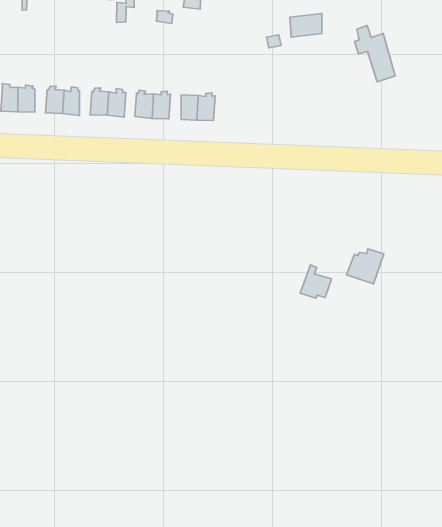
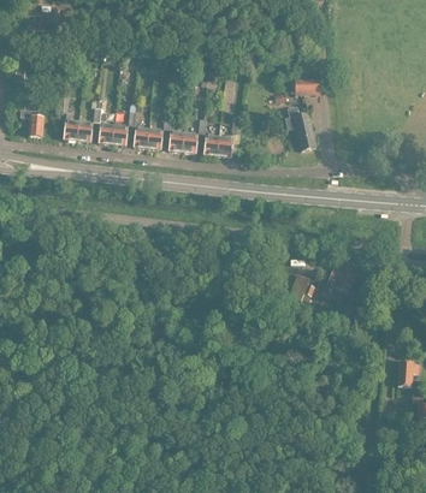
building: [355,25,395,82] -> [284,106,314,150]

